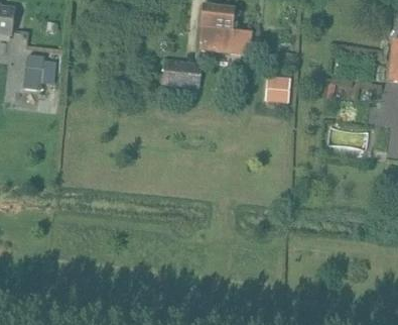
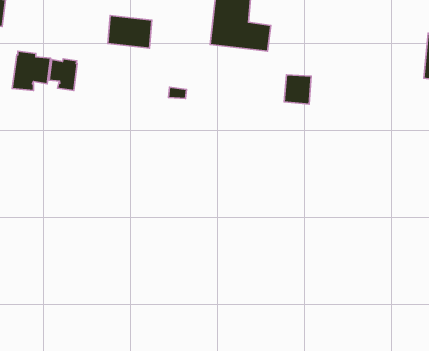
building: [162,58,202,87] -> [108,16,152,48]
building: none -> [49,59,77,91]

